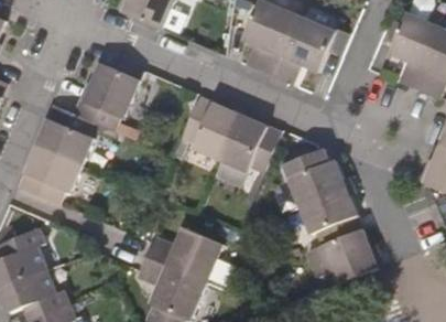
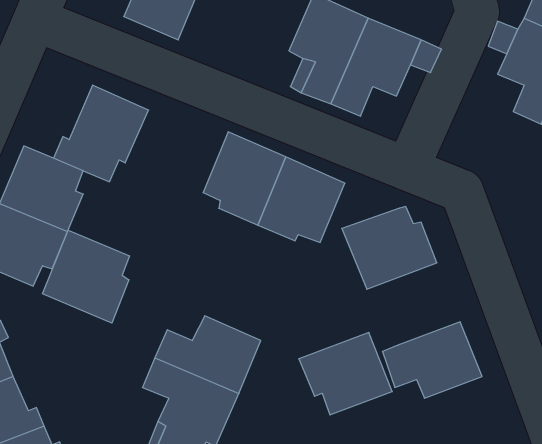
building: none -> [43,230,130,323]
building: [296,187,362,246] -> [299,332,392,415]

